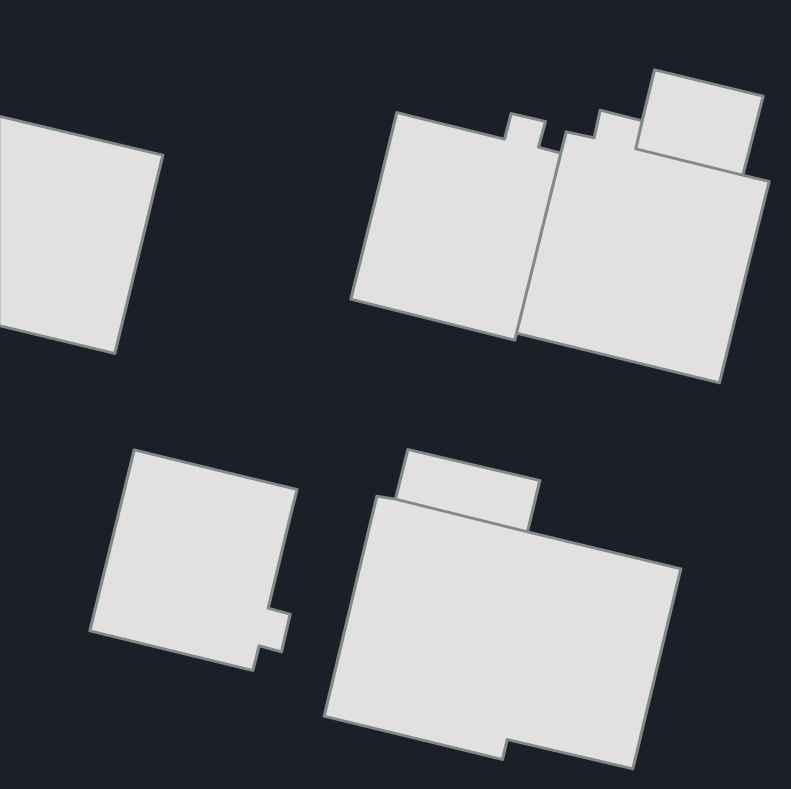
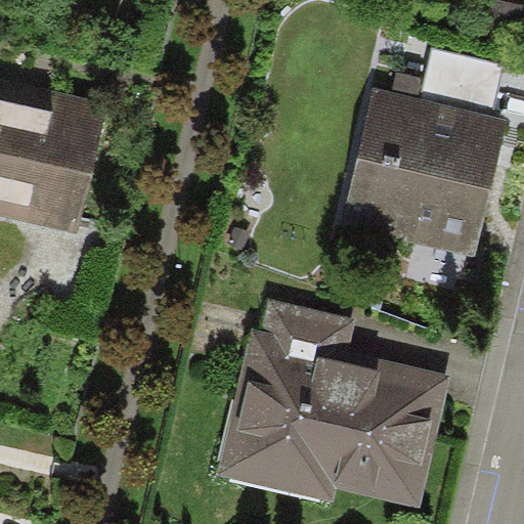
building: [351,112,561,340] -> none
building: [90,450,297,670] -> none

